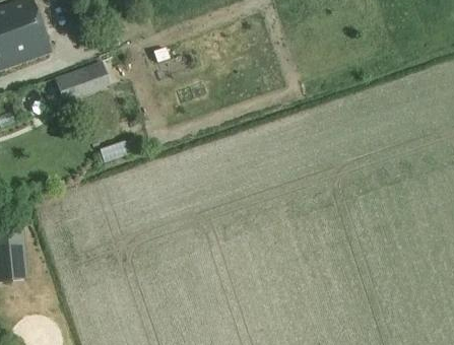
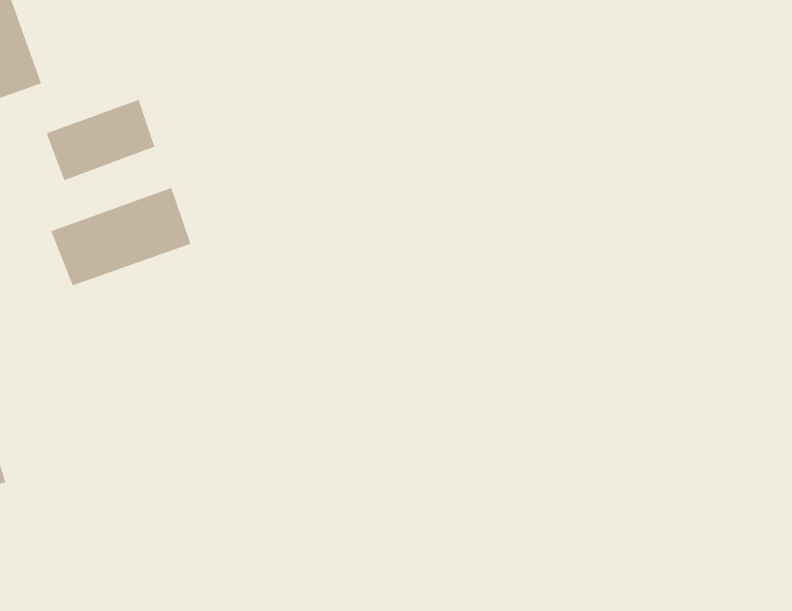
building: none -> [51,187,191,286]

